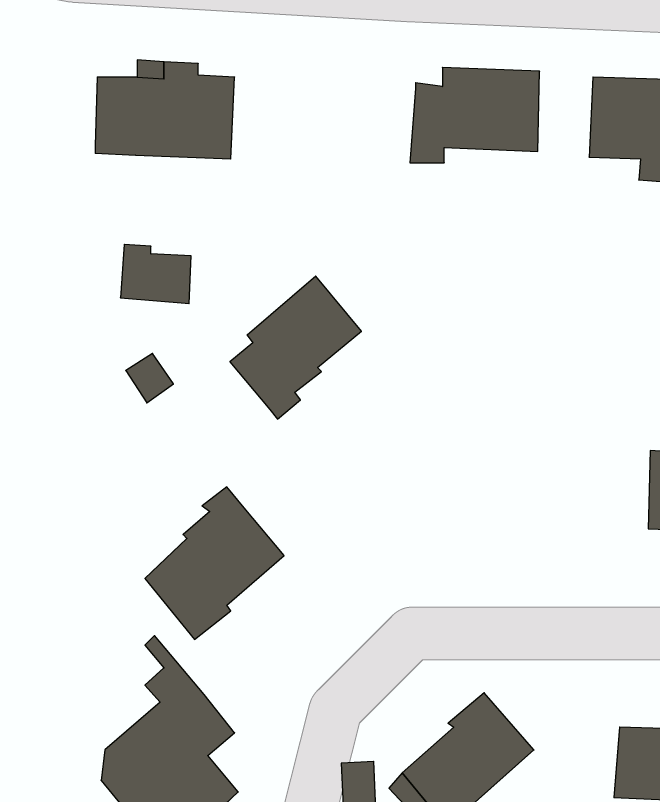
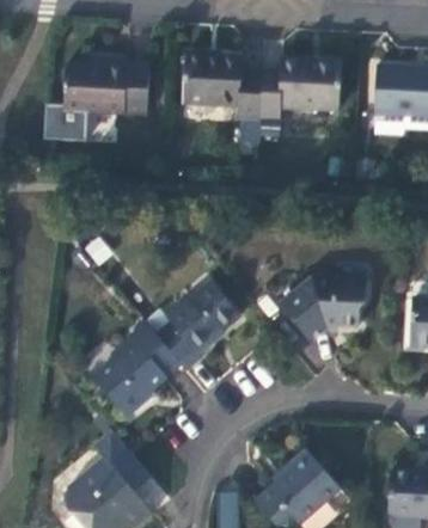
building: none -> [183,54,263,143]
building: [120,244,191,304] -> [43,106,87,143]
building: [230,276,361,419] -> [155,281,238,370]
building: none -> [269,276,365,343]

